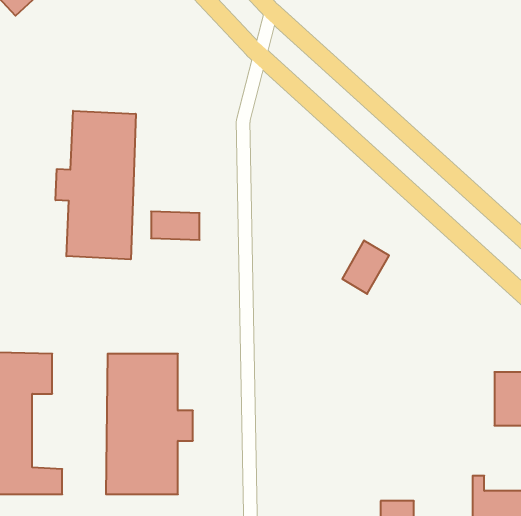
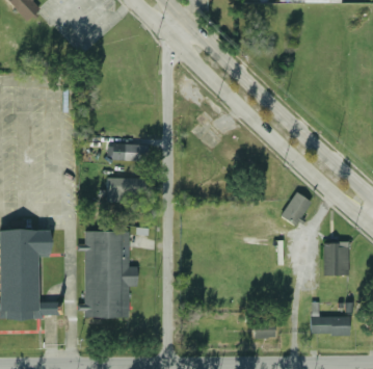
building: [56,111,136,259] -> none
building: [342,240,389,294] -> [283,191,312,225]
building: none -> [108,178,130,202]

